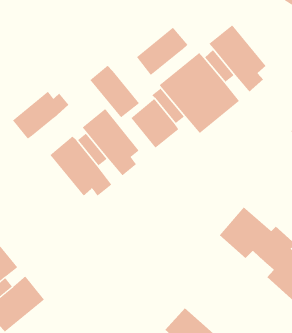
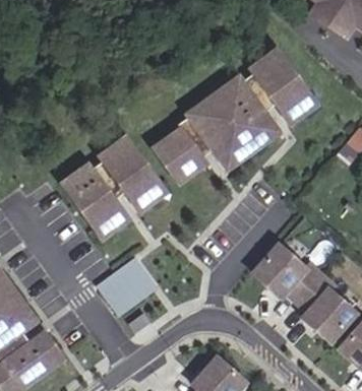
building: [136,27,188,76] -> none
building: [90,65,140,118] -> none
building: [12,91,69,139] -> none
building: none -> [99,264,149,313]

